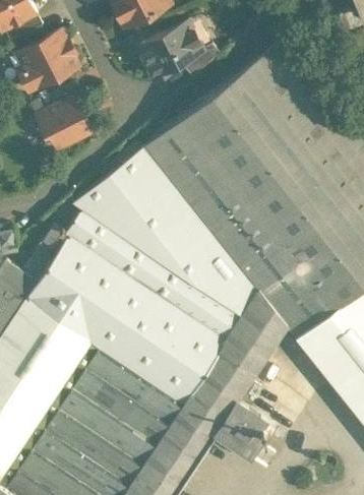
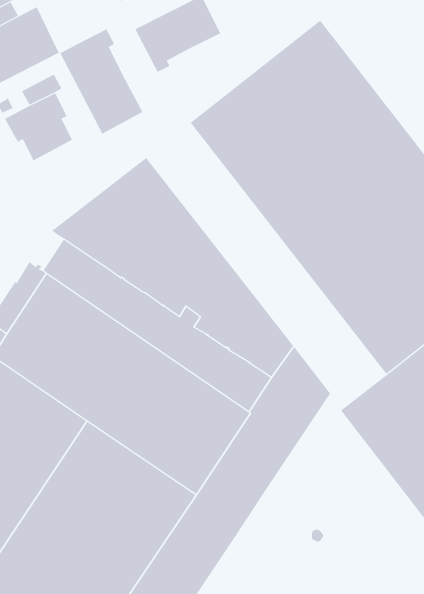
building: [179,44,219,77] -> none
building: none -> [60,28,144,134]
building: [145,119,330,341] -> none
building: [216,404,275,469] -> none

